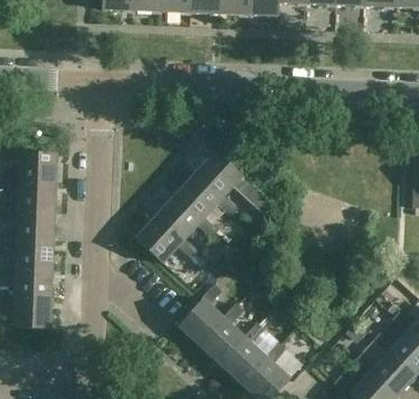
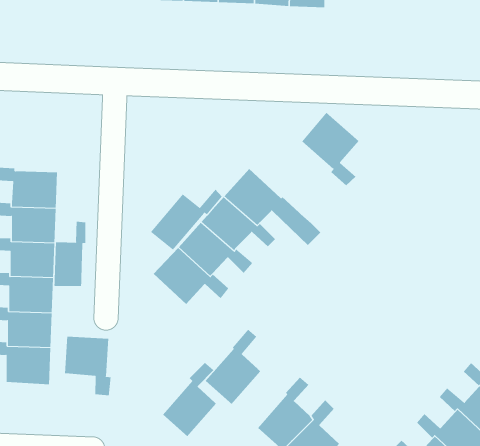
building: none -> [301,112,359,186]
building: none -> [150,189,222,251]
building: none -> [54,221,86,290]
building: none -> [64,336,111,396]
building: [201,303,246,365] -> [162,362,217,437]

